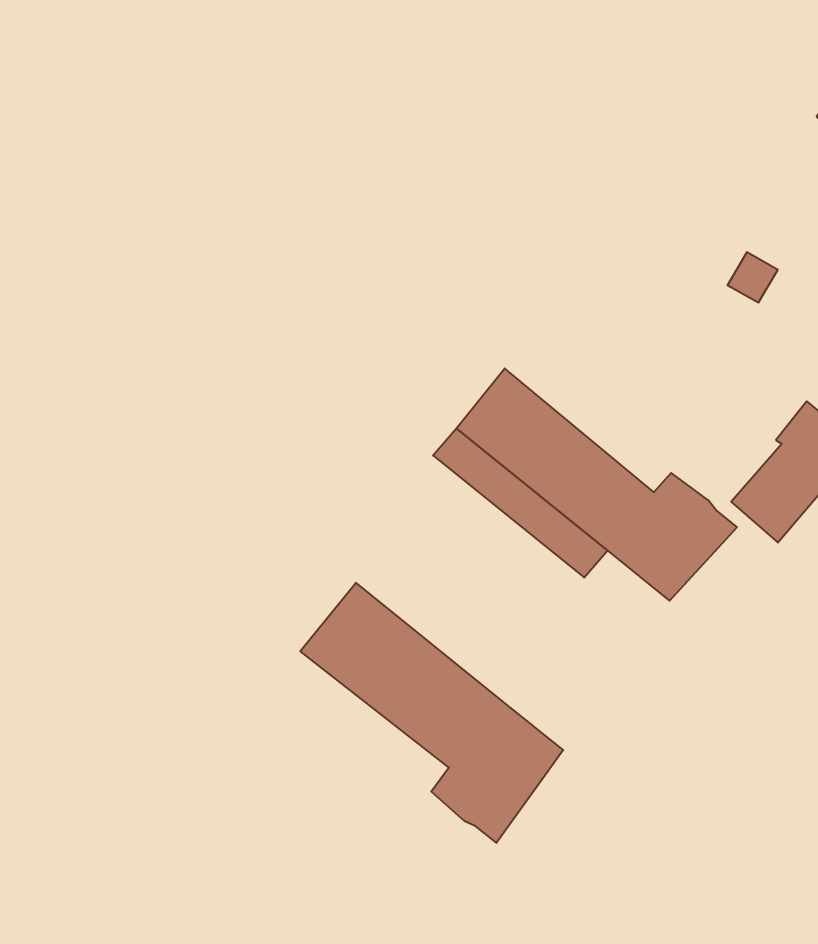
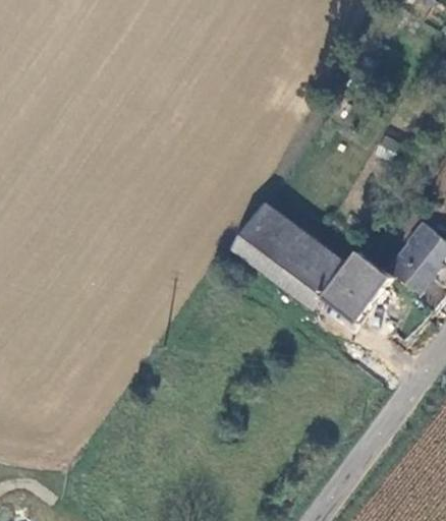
building: [300,583,563,843] -> none

